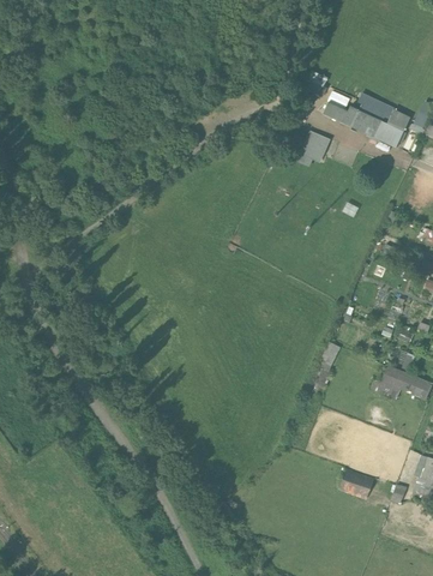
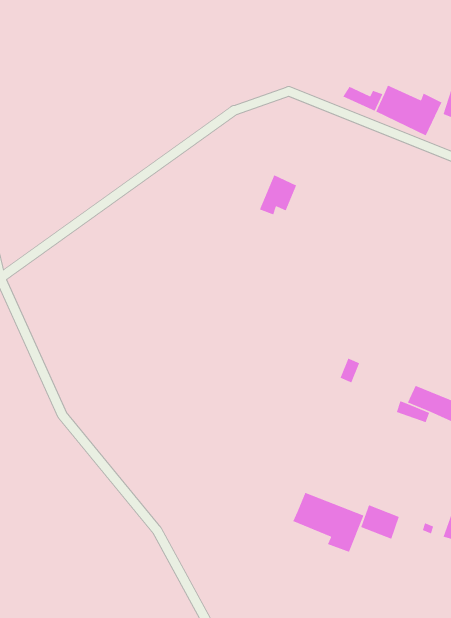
building: [296,130,330,166] -> [259,174,297,215]
building: none -> [292,492,365,553]

